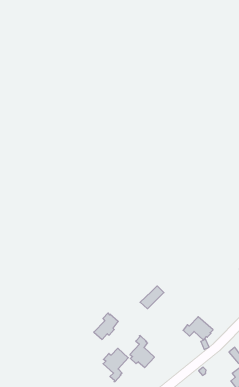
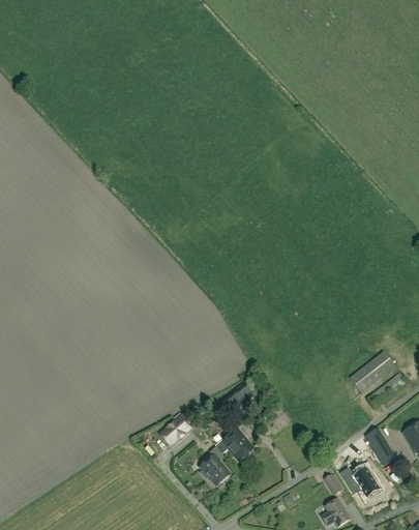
building: [183,317,213,340] -> [216,430,253,460]
building: [103,348,128,382] -> none

